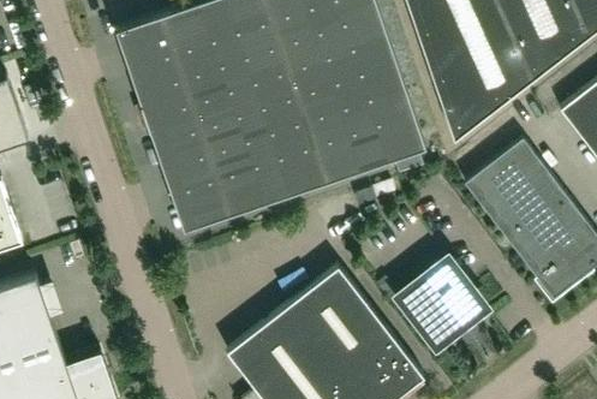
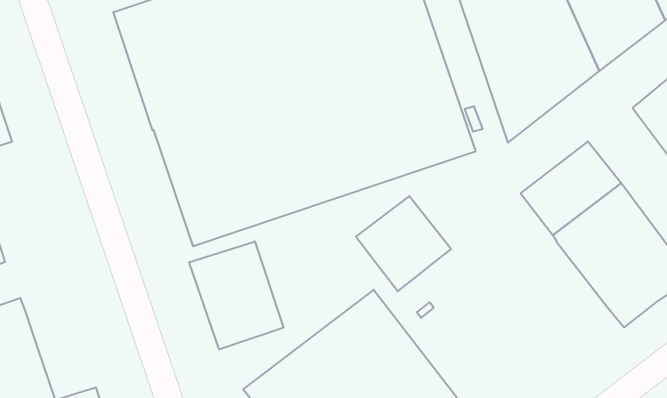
building: none -> [189,241,284,349]
building: [400,262,482,344] -> [356,196,451,291]

